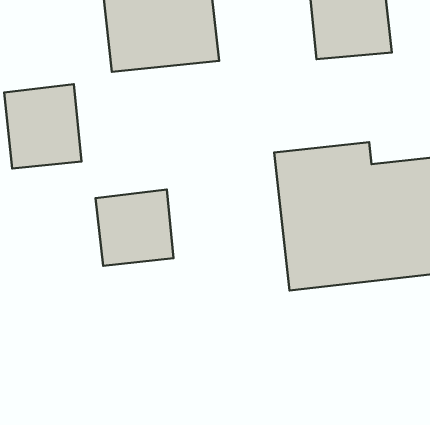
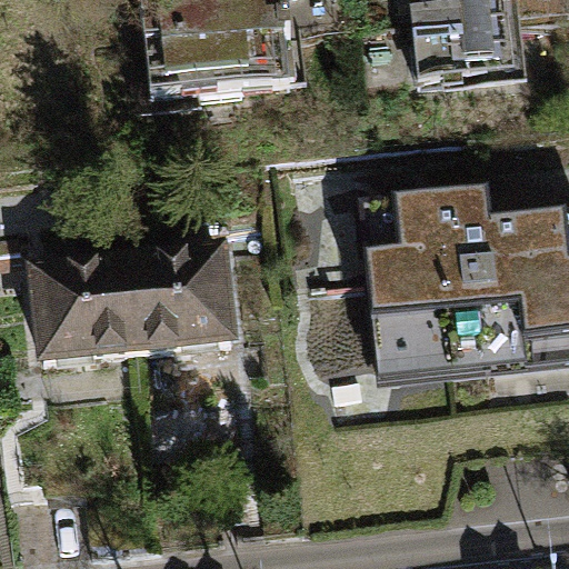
building: [4,84,82,169] -> none
building: none -> [34,260,139,359]

